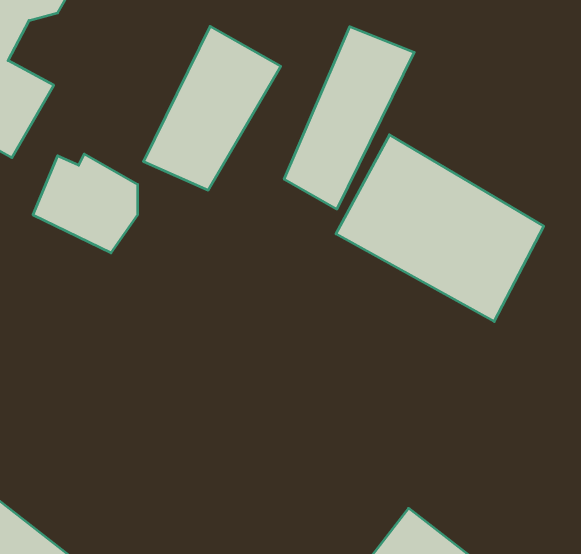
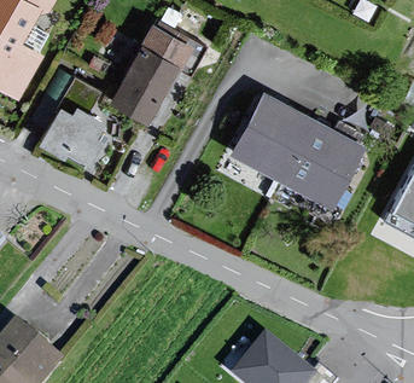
building: [284,27,414,209] -> none

